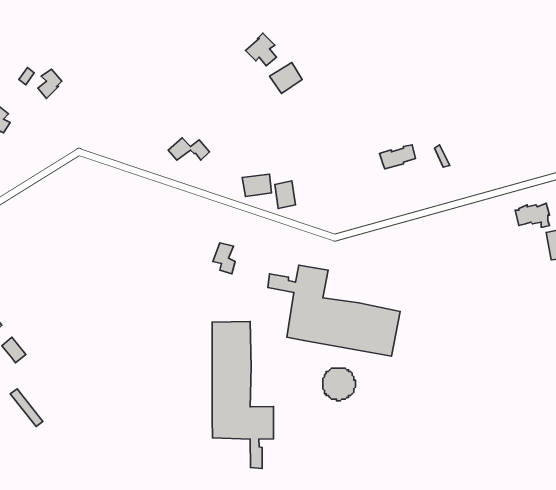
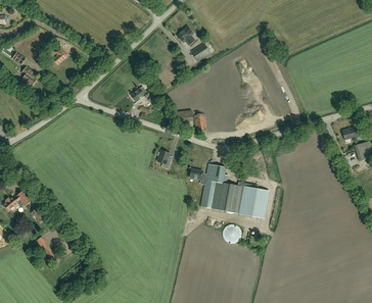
building: [212,321,273,468] -> none

